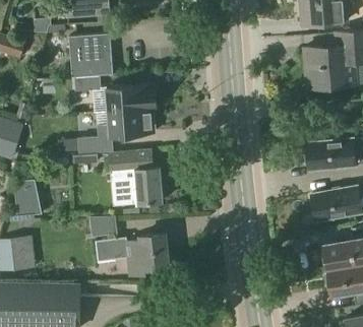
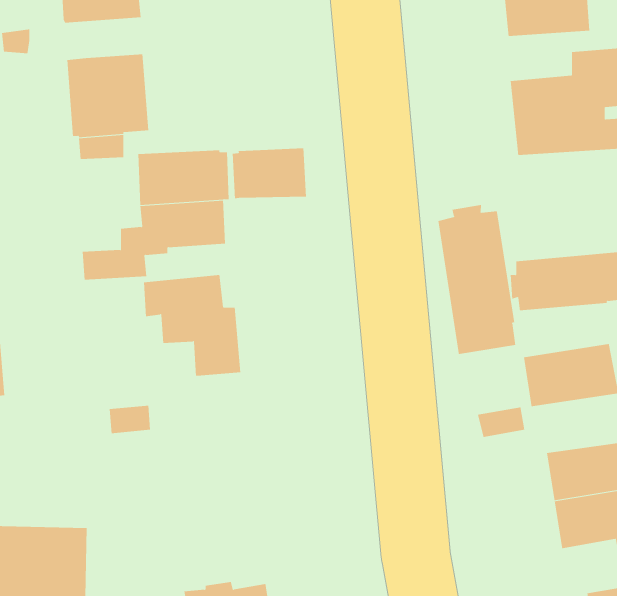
building: none -> [232,147,307,199]
building: none -> [438,204,516,355]
building: [95,235,169,278] -> none

